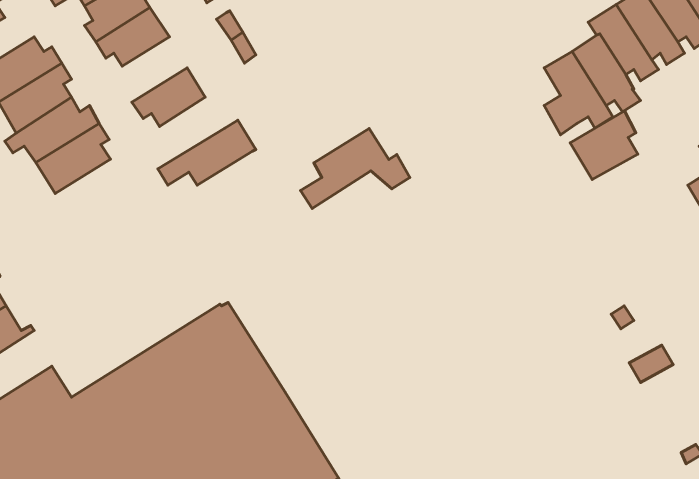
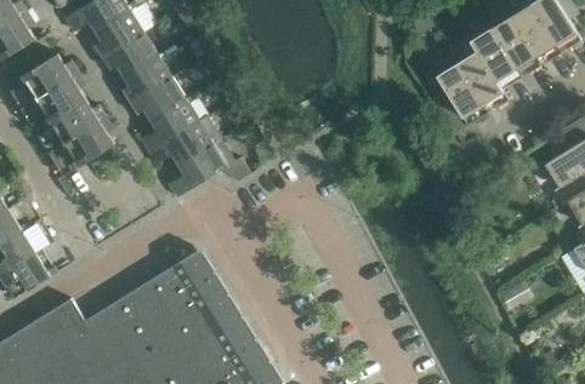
building: none -> [121,53,170,102]
building: none -> [140,98,198,151]
building: [570,111,638,180] -> none
building: [301,129,410,208] -> [167,138,249,197]

